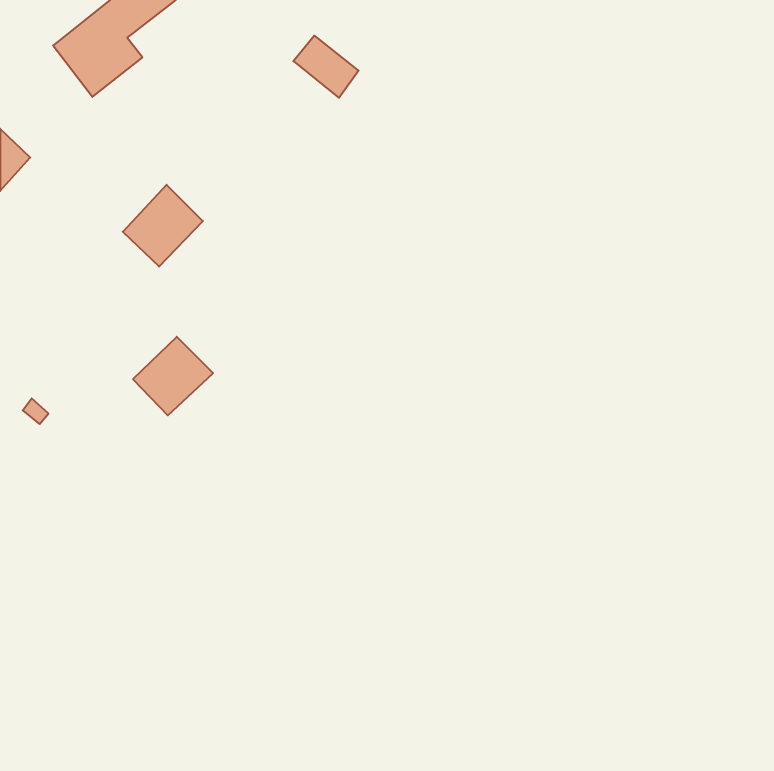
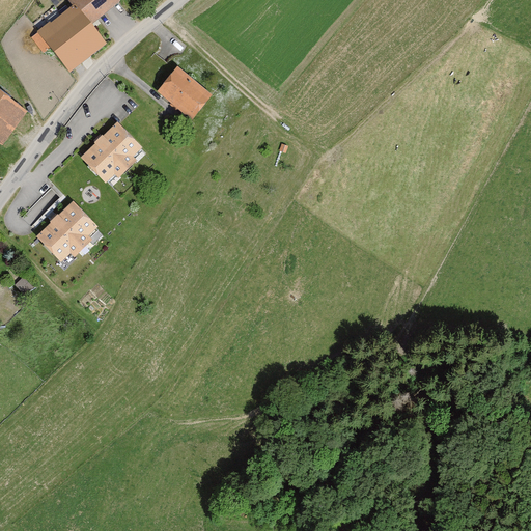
building: [293,36,359,98] -> [160,72,204,114]
building: [133,337,213,415] -> [38,205,93,259]

